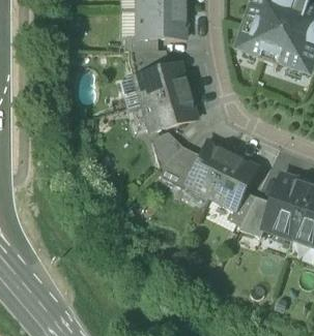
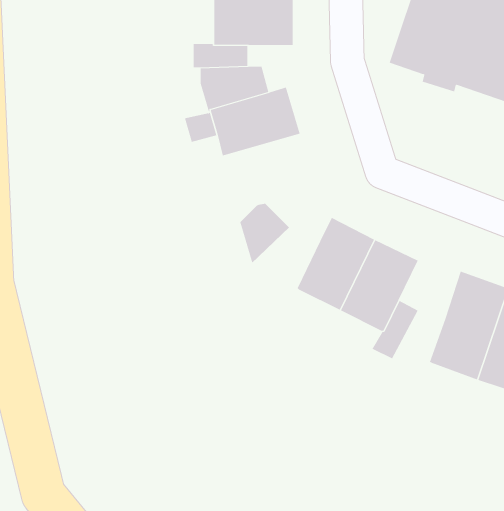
building: [141,90,195,131] -> none
building: [159,146,199,188] -> none
building: [241,195,274,236] -> none

